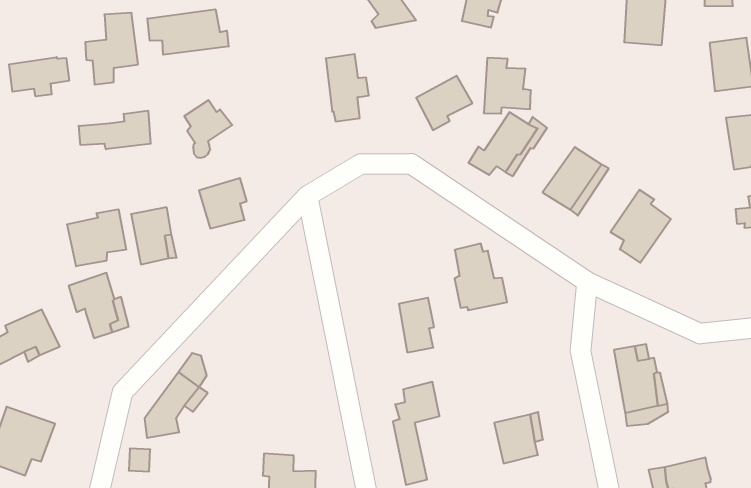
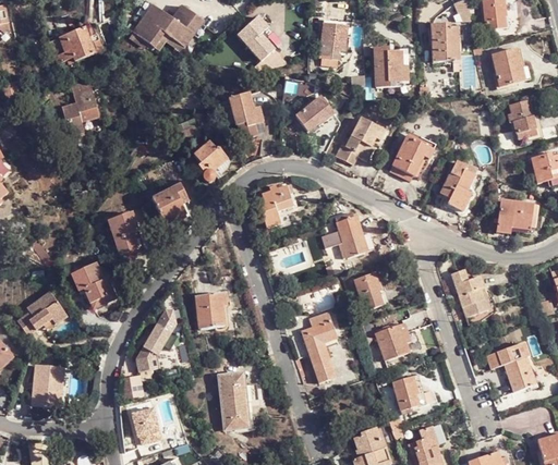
building: [147,9,229,55] -> none
building: [9,57,69,96] -> none
building: [484,58,531,114] -> [374,47,408,86]
building: [184,100,232,158] -> [193,143,227,183]
building: [79,111,151,149] -> none
building: none -> [257,184,298,227]
building: [67,209,126,266] -> none
building: none -> [494,199,533,233]
building: [399,298,434,352] -> [354,271,381,310]
building: none -> [195,292,226,329]

